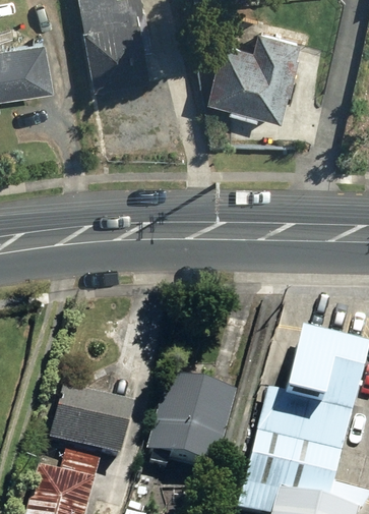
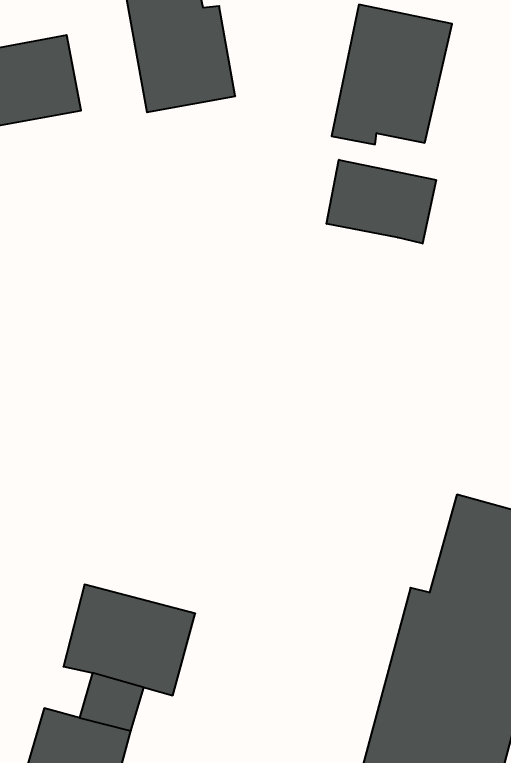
building: none -> [327,160,436,244]
building: [144,377,233,472] -> none

